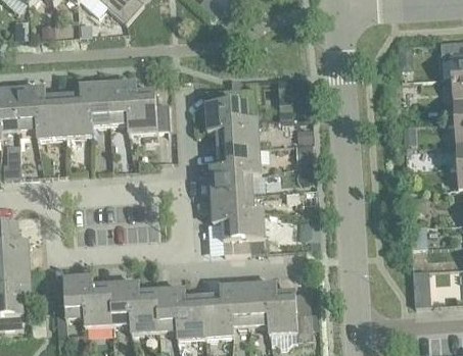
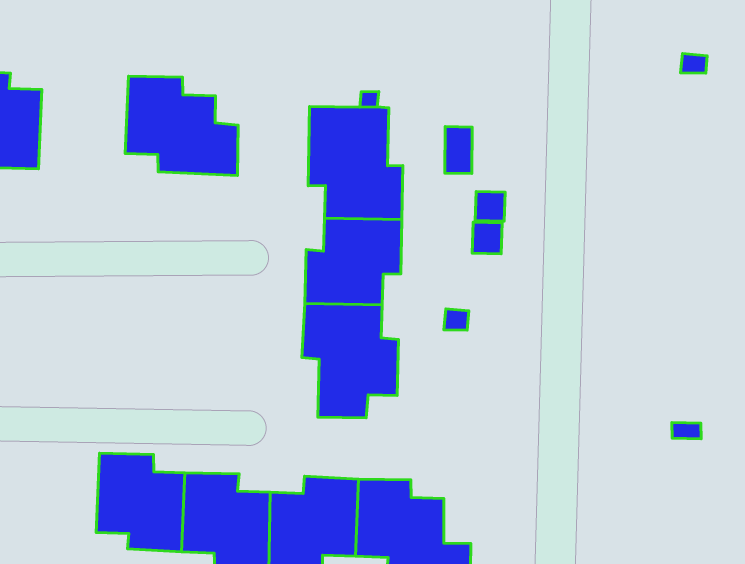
building: [62,84,109,137] -> none
building: [413,269,430,305] -> none
building: [62,275,112,326] -> none

